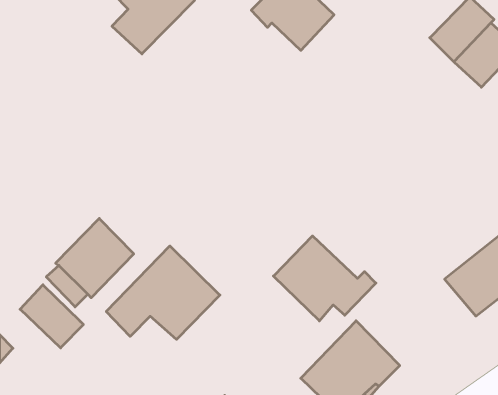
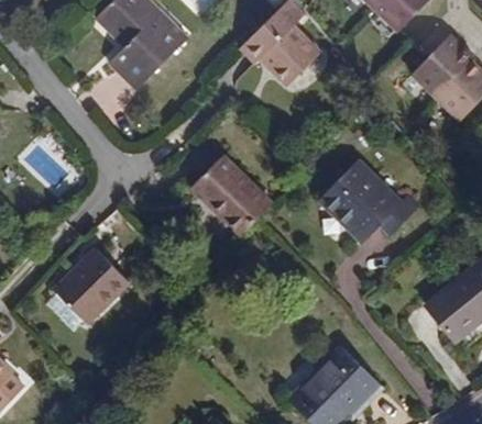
building: none -> [190,154,271,234]
building: [273,236,376,321] -> [320,159,418,241]
building: [106,246,220,339] -> none
building: [20,285,83,348] -> none

